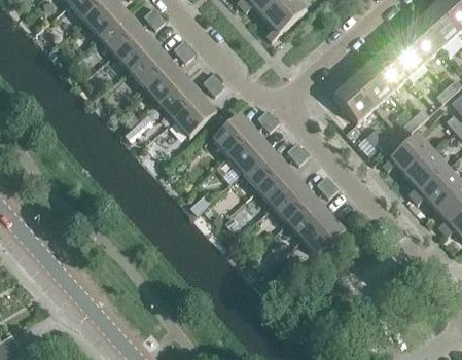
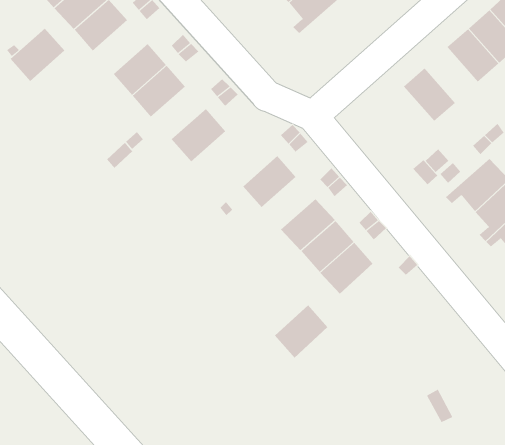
building: [113,29,155,70] -> [10,28,65,82]
building: [366,49,406,92] -> none
building: [157,79,200,119] -> none
building: [332,79,374,121] -> none
building: [212,114,254,155] -> none
building: [242,148,283,188] -> none
building: [301,214,343,255] -> [274,304,328,358]

